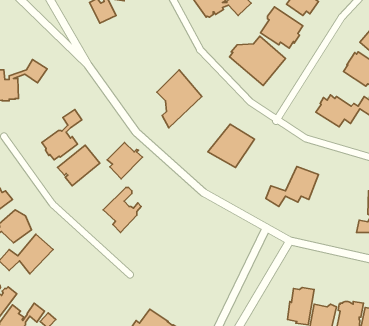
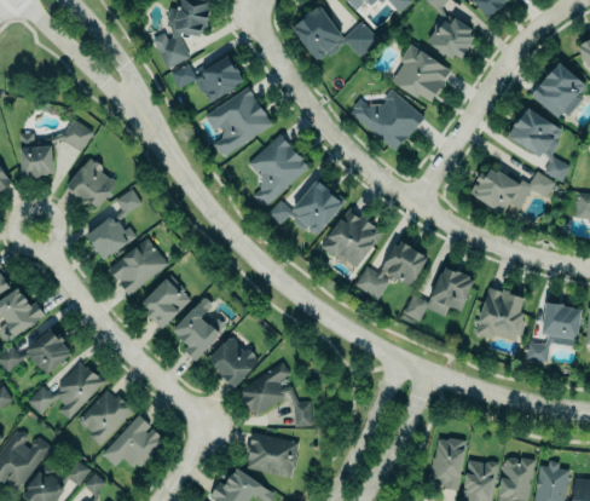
building: none -> [170,56,243,103]
building: none -> [206,90,276,161]
building: none -> [64,159,116,209]
building: none -> [268,180,346,235]
building: [107,142,143,179] -> [141,278,191,329]
building: none -> [354,241,427,300]
building: none -> [475,288,525,340]
building: none -> [208,338,259,387]
building: none -> [239,363,311,426]
building: none -> [79,390,133,445]
building: none -> [103,415,164,467]
building: none -> [245,432,299,478]

